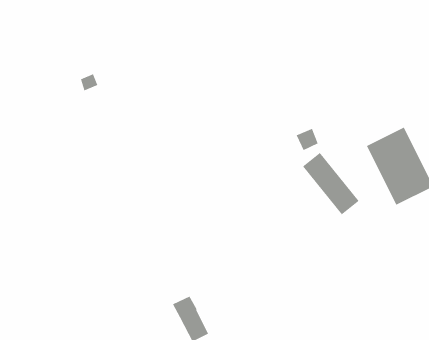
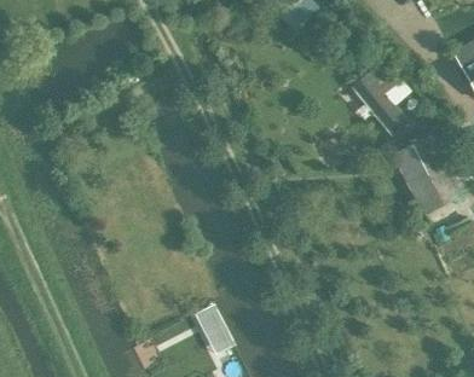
building: [302,152,359,215] -> [352,72,410,137]

